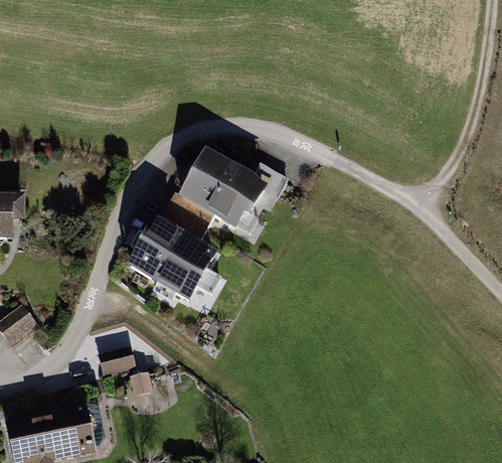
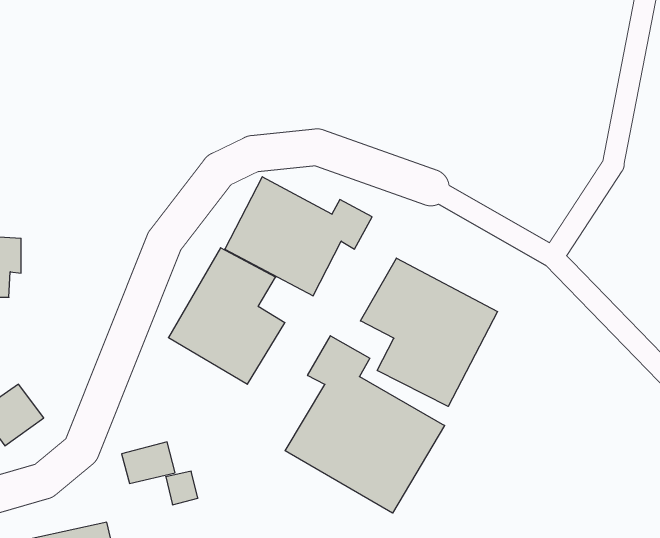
building: none -> [360,258,498,406]
building: none -> [285,336,445,513]

